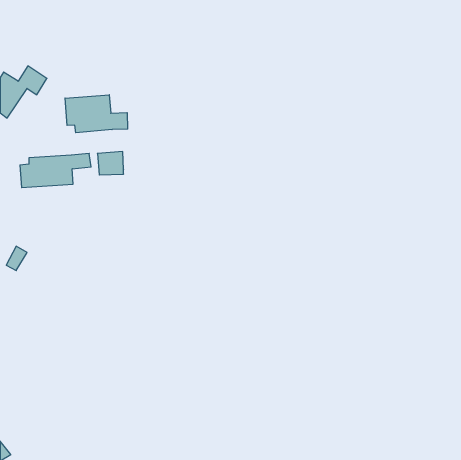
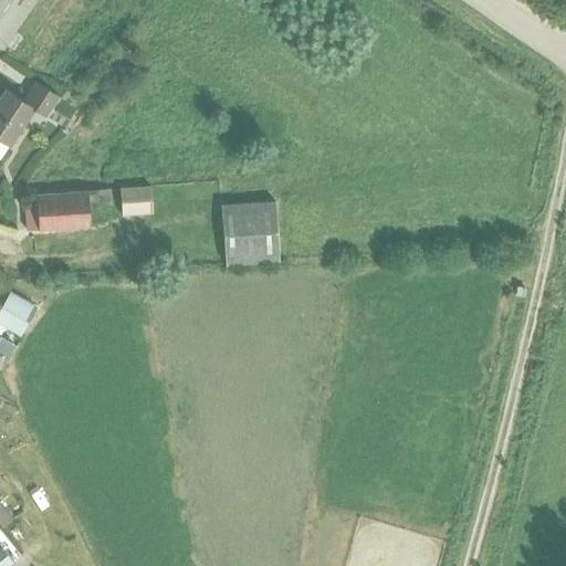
building: [65,95,128,133] -> none
building: none -> [220,202,279,264]

